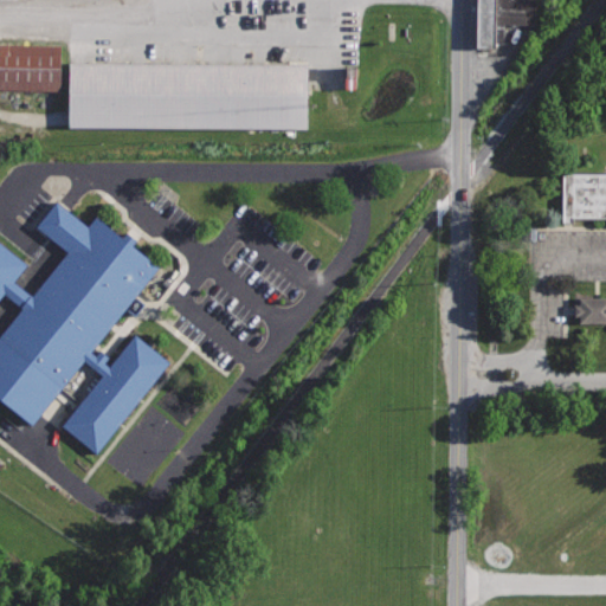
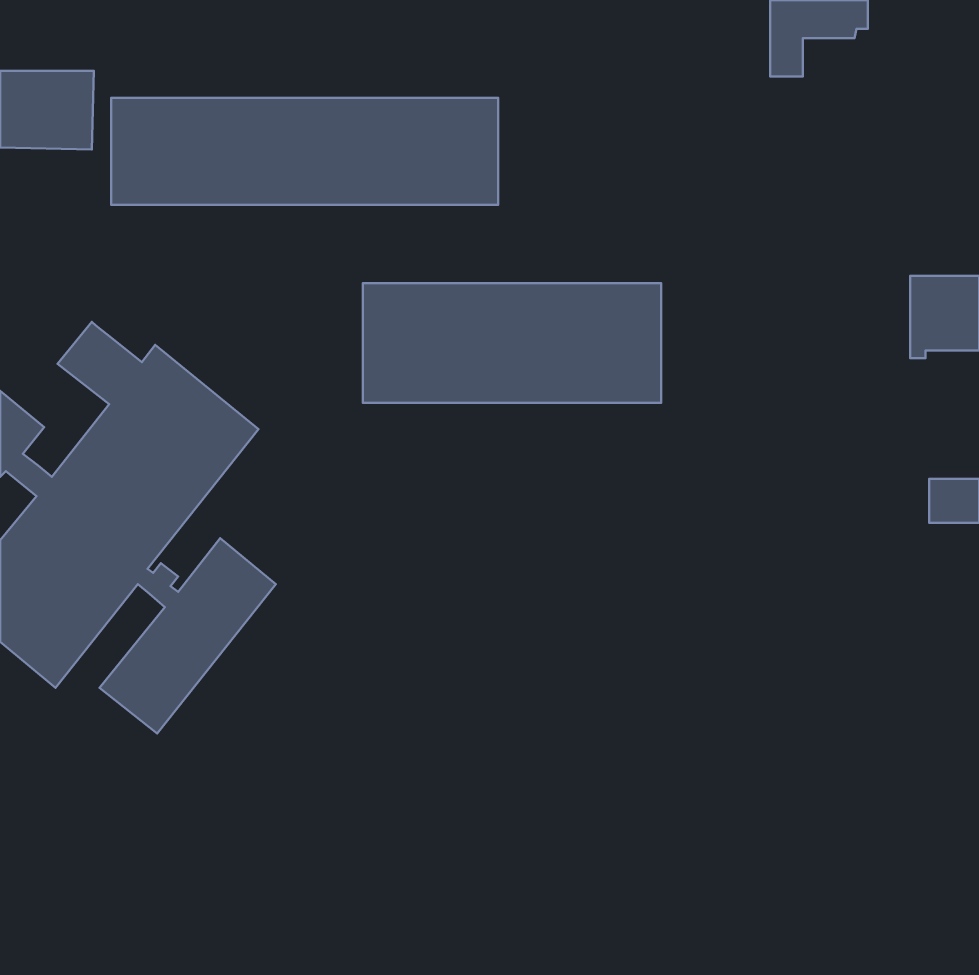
building: none -> [363,283,661,403]

